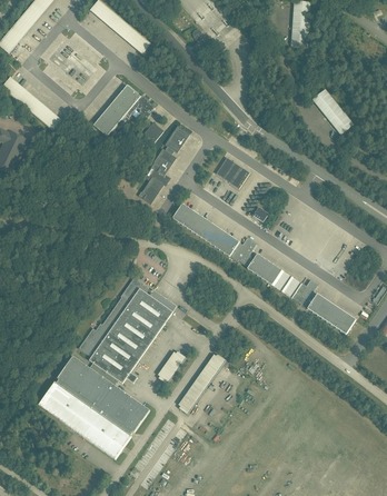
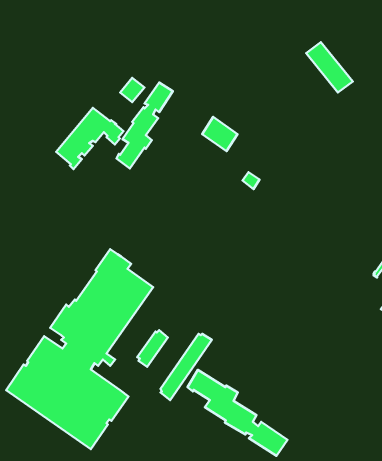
building: [93,85,155,140] -> [56,108,124,169]
building: [172,204,356,334] -> none
building: none -> [187,370,288,456]

